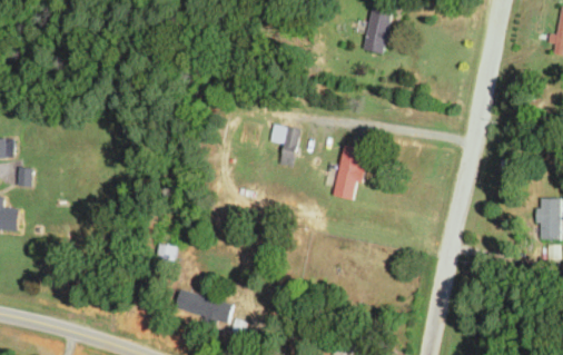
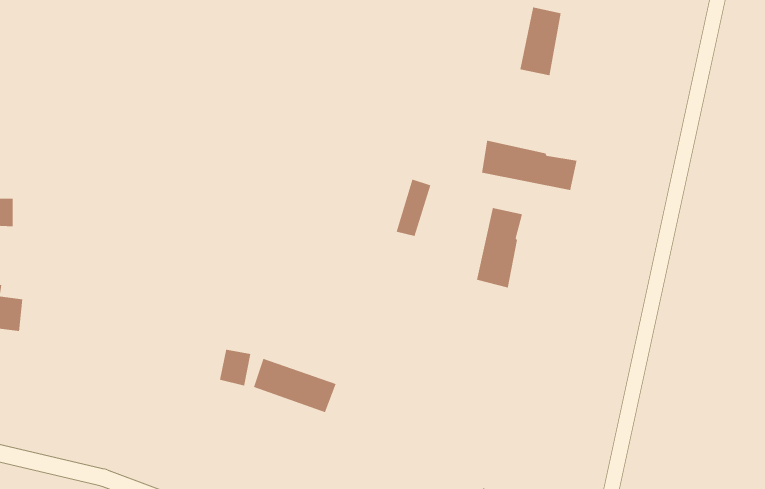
building: none -> [481,140,577,191]
building: [175,288,233,326] -> [253,358,337,413]

